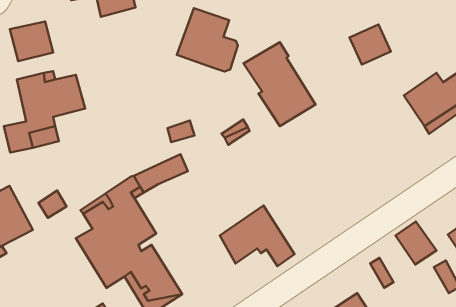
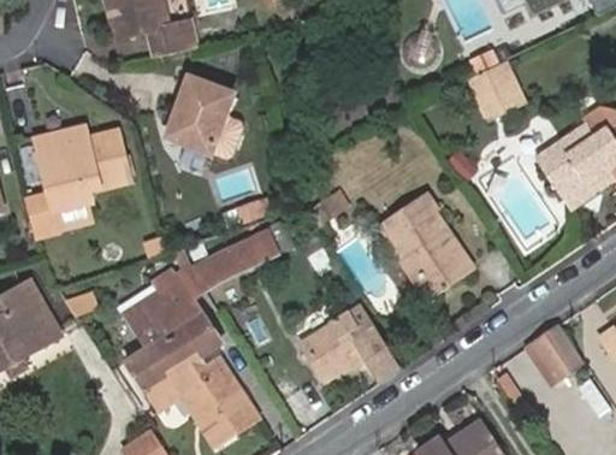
building: [177,8,238,72] -> [165,77,243,159]
building: [10,21,53,61] -> none
building: [244,42,316,126] -> [381,190,474,299]

